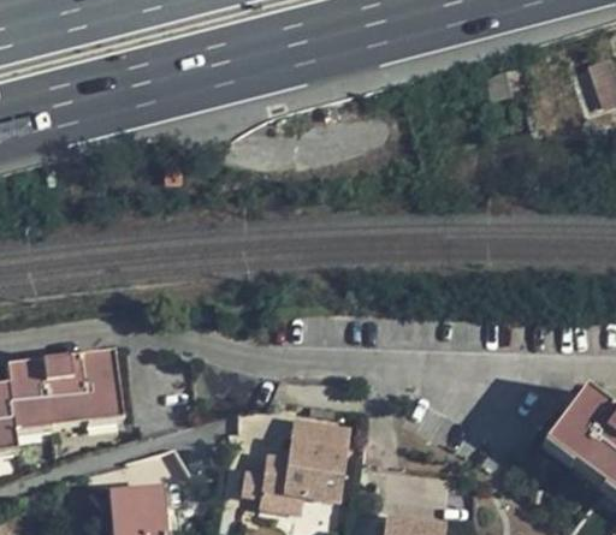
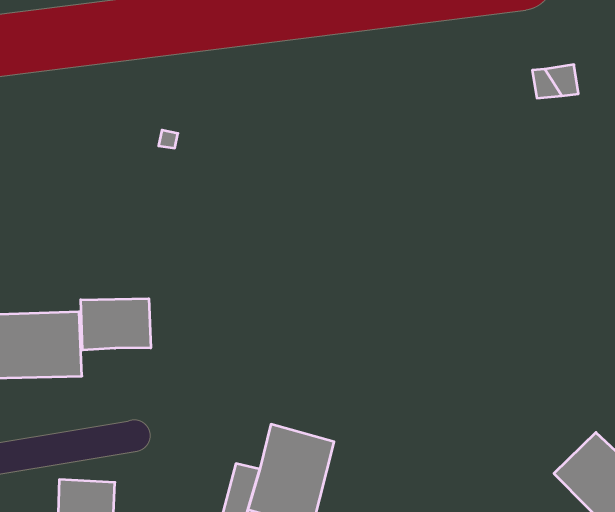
building: none -> [81,299,151,350]

